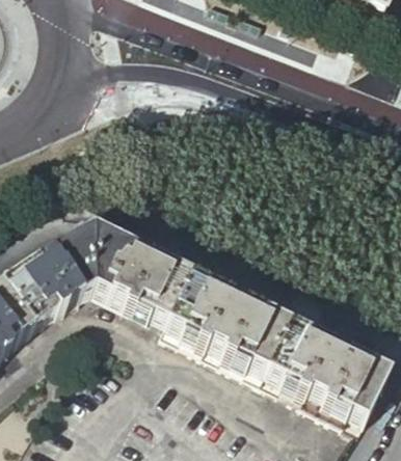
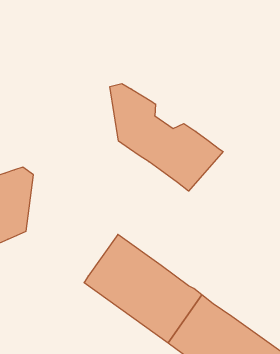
building: none -> [110,84,223,191]
building: [93,226,192,323] -> none

